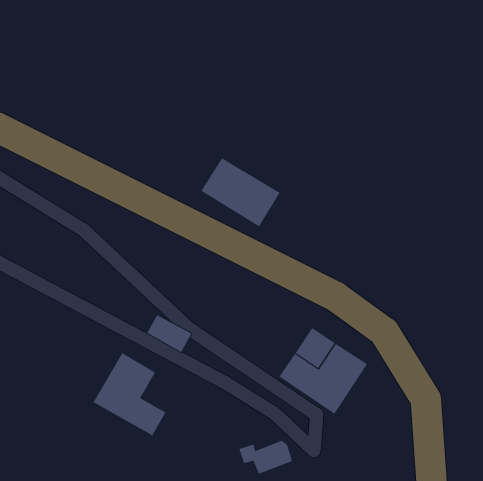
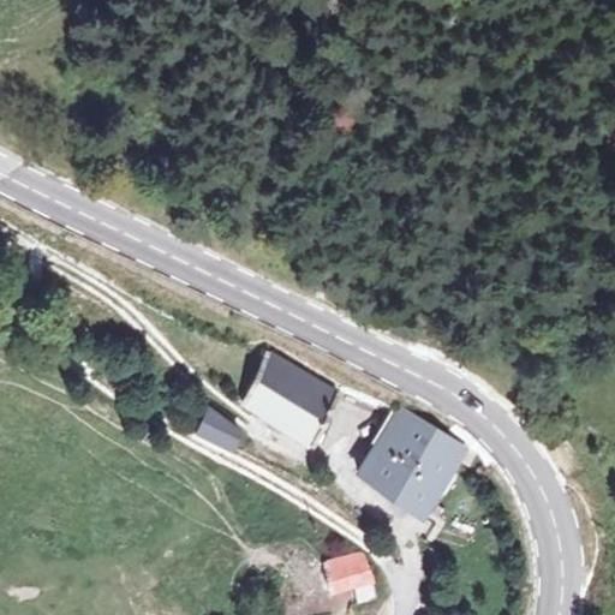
building: [201,158,280,227] -> [239,342,340,430]
building: [93,352,166,436] -> none

